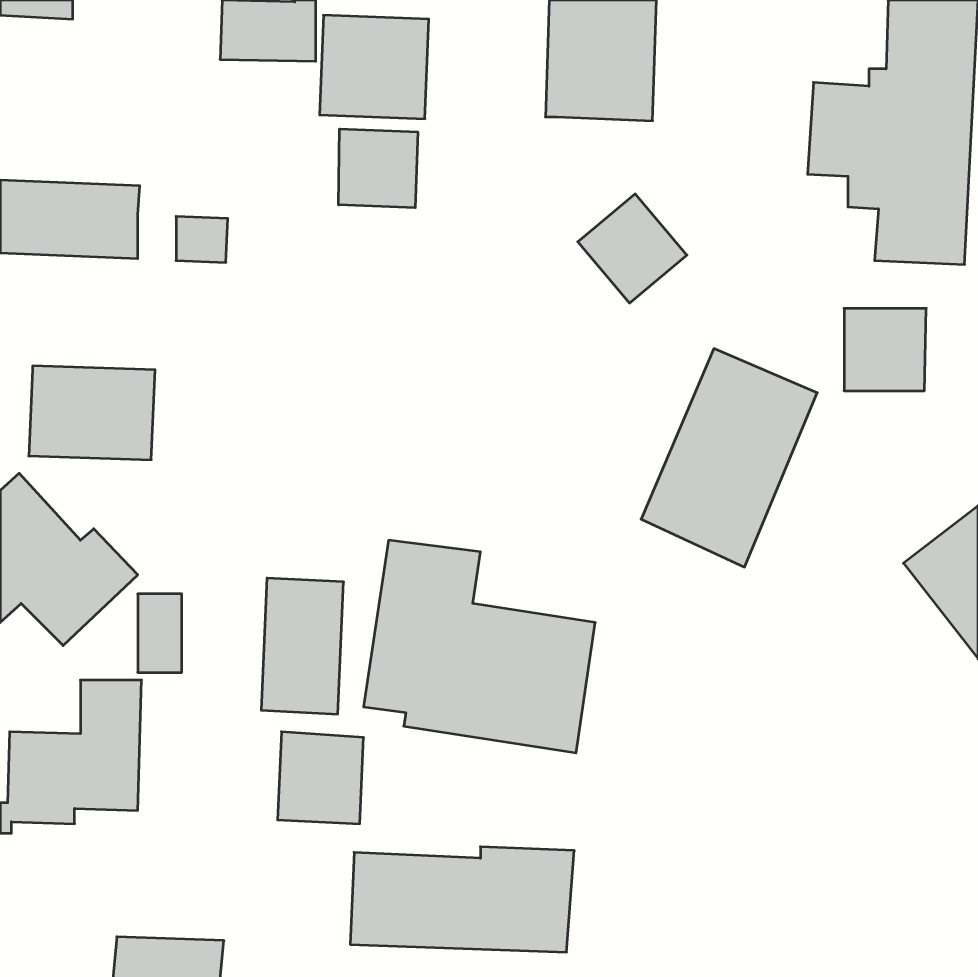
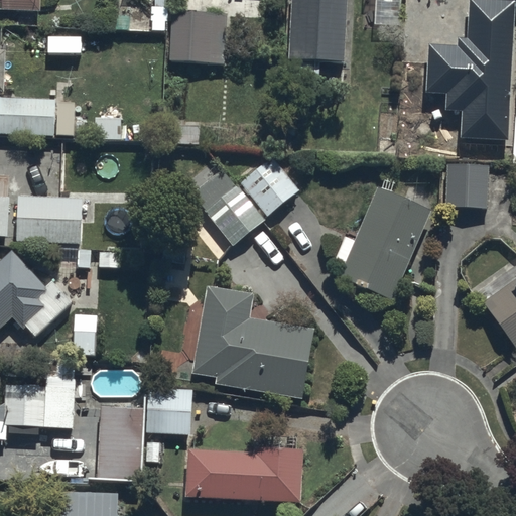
building: [339,129,418,208] -> none
building: [578,194,687,303] -> [240,157,297,215]
building: none -> [189,170,264,247]
building: [261,578,344,714] -> [97,406,140,478]

